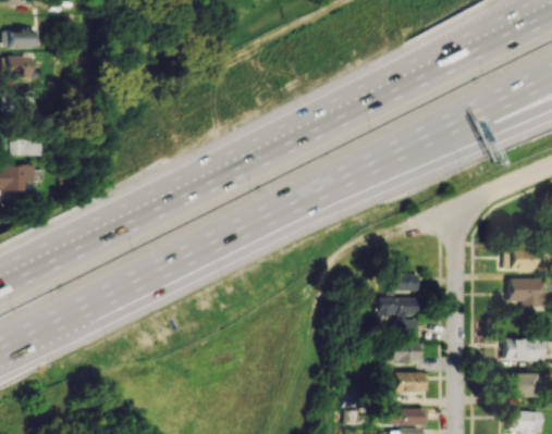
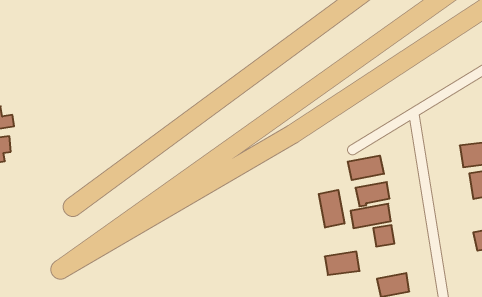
building: none -> [348,156,384,180]
building: none -> [319,190,344,228]
building: [391,343,425,363] -> [325,252,360,275]

